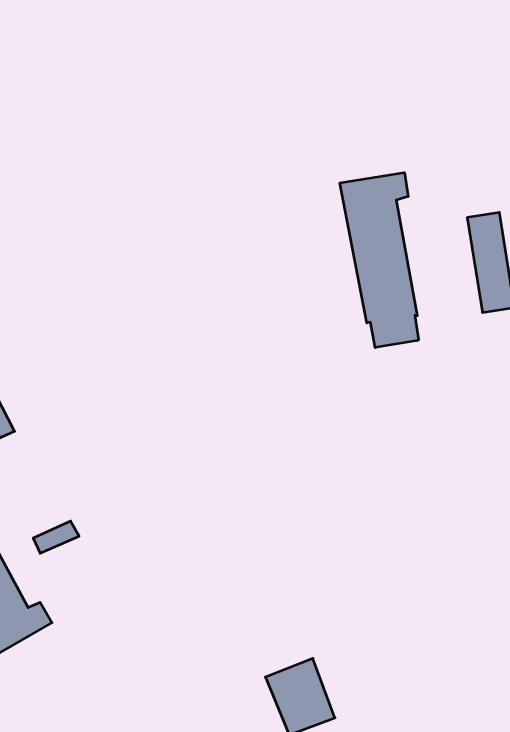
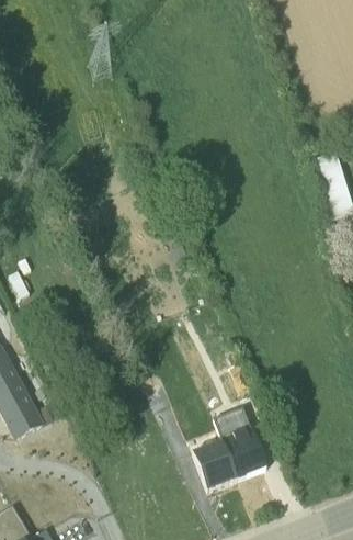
building: [340,173,419,348] -> none
building: none -> [212,407,265,481]

